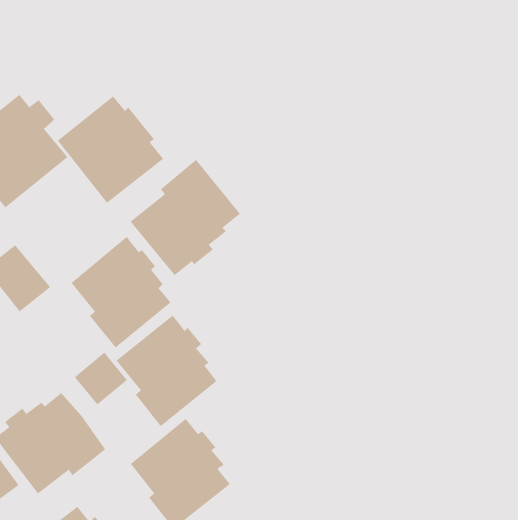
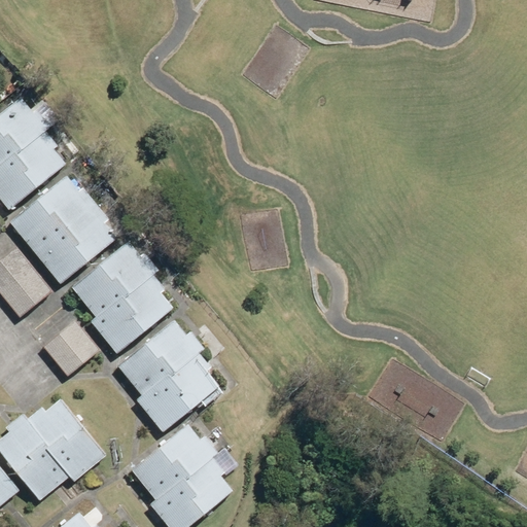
building: [57,95,164,204] -> [9,176,117,285]
building: [130,159,241,276] -> none
building: [74,352,128,406] -> [43,321,98,376]

